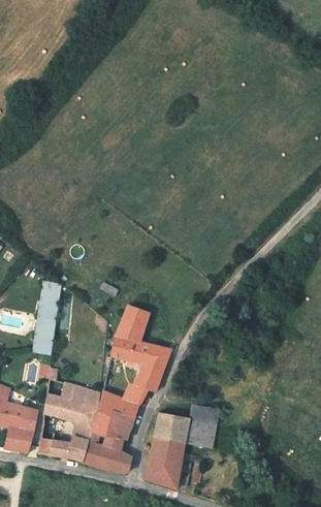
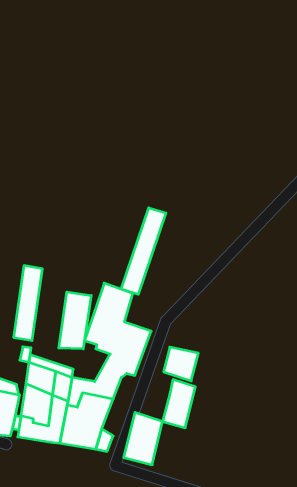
building: none -> [121,208,166,294]
building: none -> [59,292,91,349]
building: [154,405,189,439] -> [164,347,198,381]

